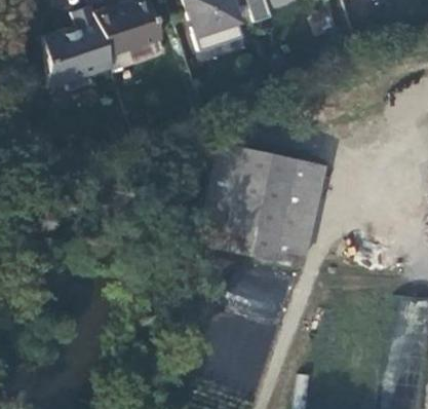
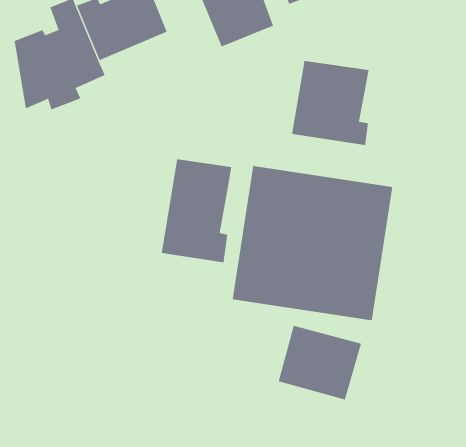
building: none -> [292,60,369,146]
building: none -> [161,159,232,263]

